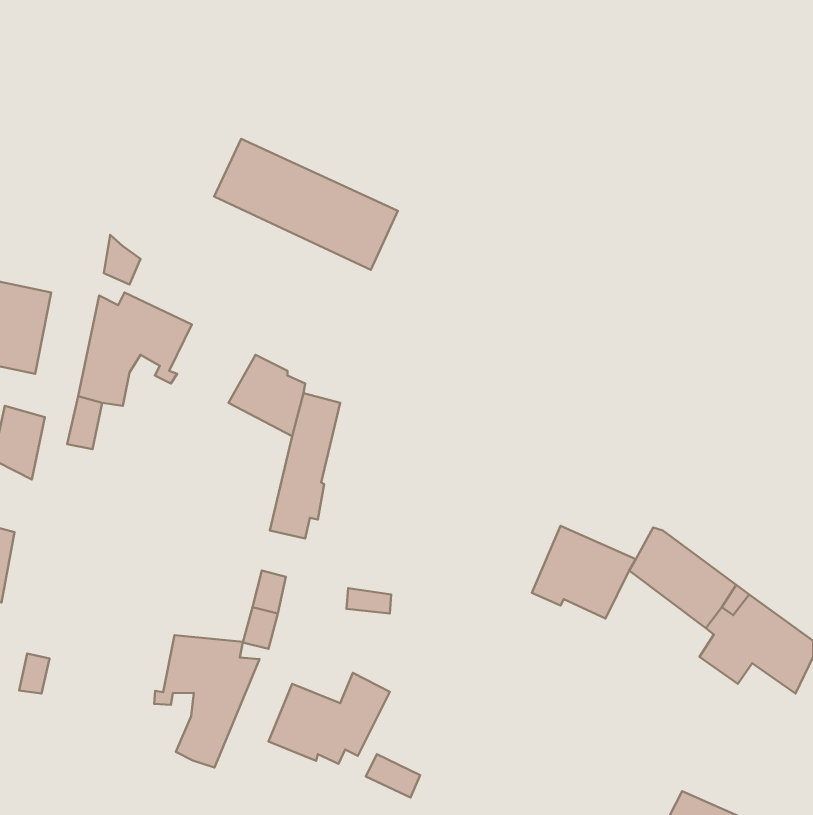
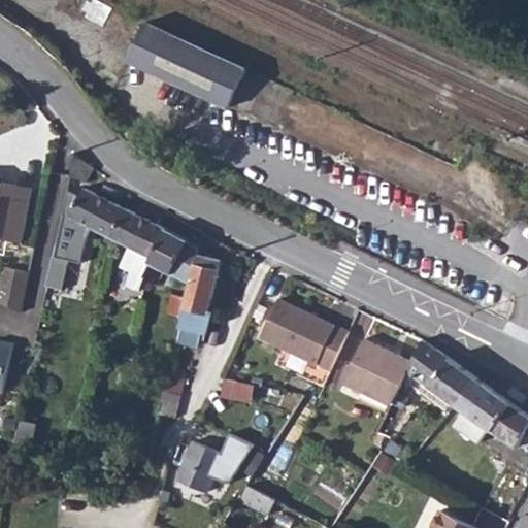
building: [214,139,398,270] -> [126,23,244,107]
building: none -> [109,210,165,292]
building: none -> [259,298,346,372]
building: [154,635,260,768] -> none

